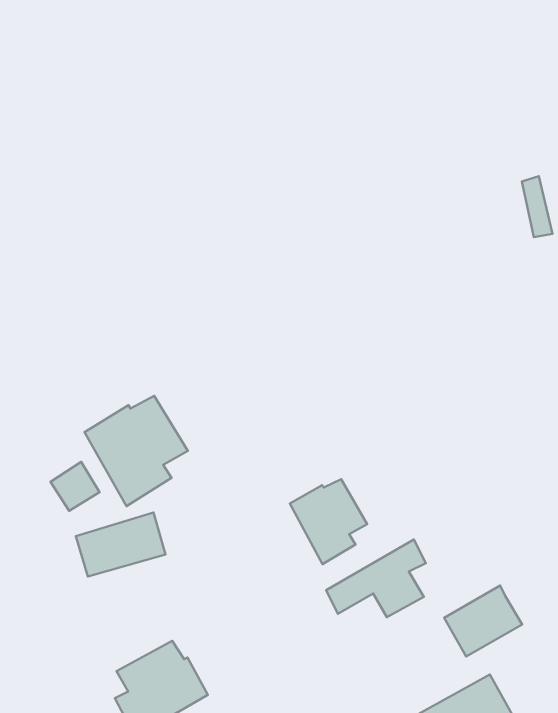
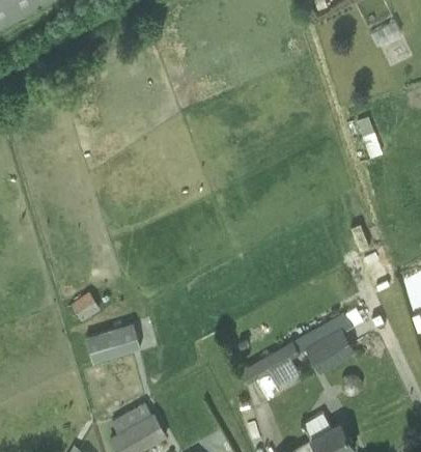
building: [84,396,188,506] -> none
building: [290,479,367,564] -> none
building: [444,586,522,657] -> [305,329,353,372]

